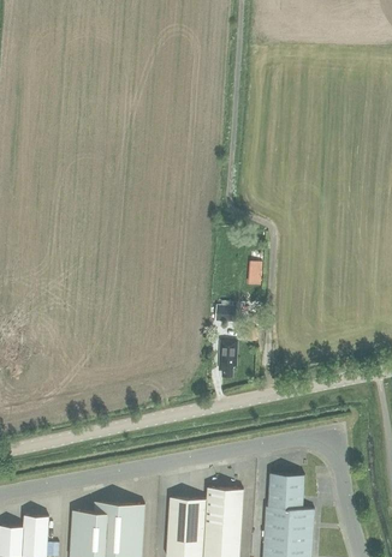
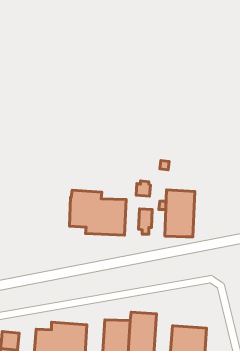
building: none -> [165,190,195,237]
building: none -> [70,190,126,235]
building: [267,473,304,509] -> none

